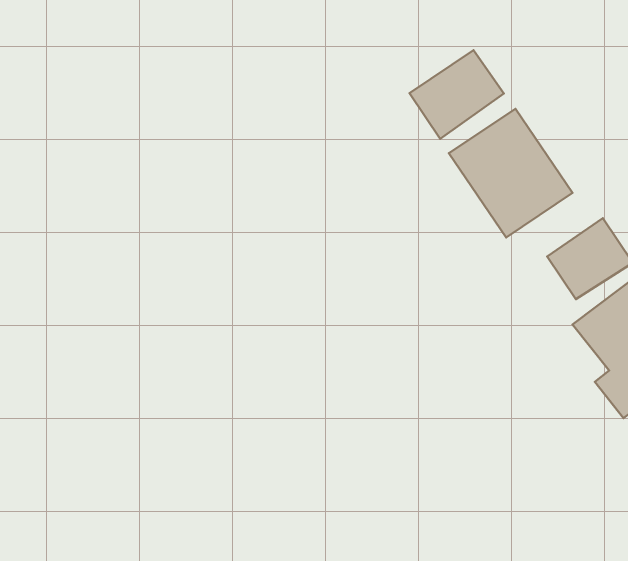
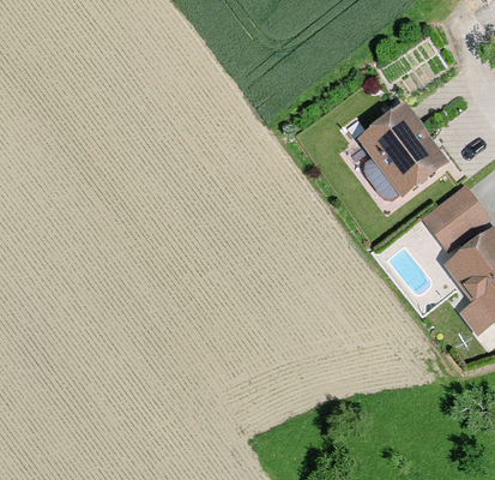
building: [409,50,504,139] -> none

